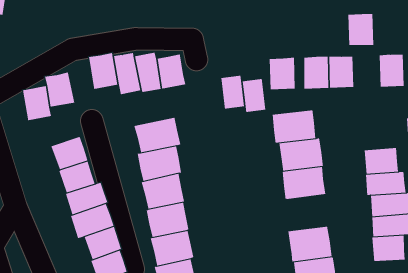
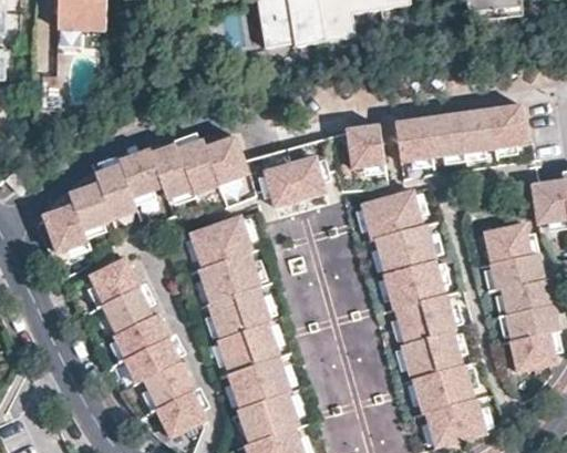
building: [347,14,374,45] -> [453,107,492,152]
building: none -> [95,164,136,219]
building: [242,79,266,112] -> [265,163,300,208]
building: none -> [394,291,454,343]

